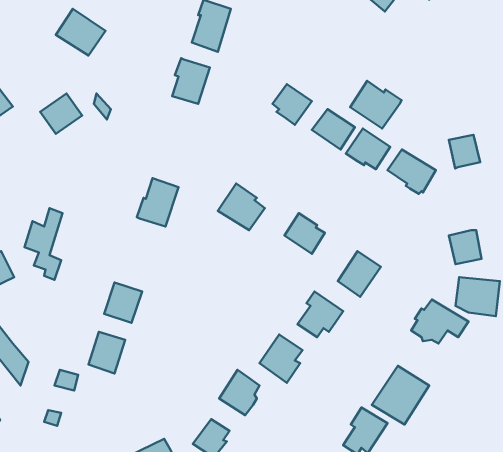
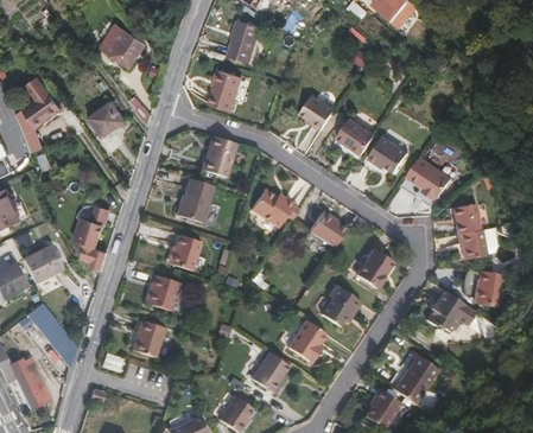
building: [350,81,402,128] -> none
building: none -> [199,136,235,178]
building: [449,135,480,169] -> [450,202,478,233]
building: none -> [166,233,202,269]

